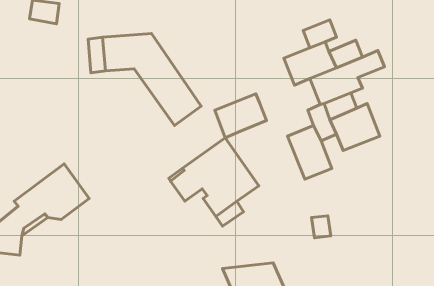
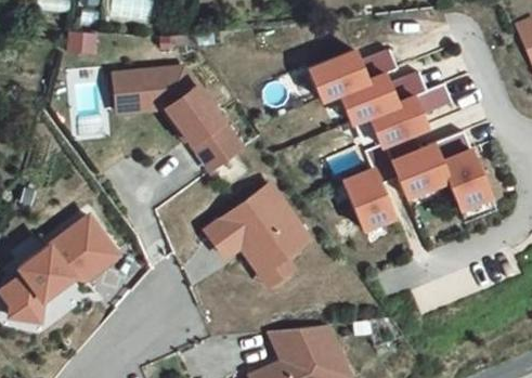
building: none -> [434,133,492,210]
building: [215,94,267,138] -> [311,52,369,102]

